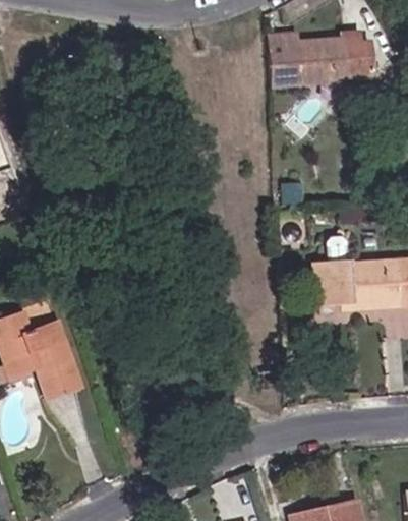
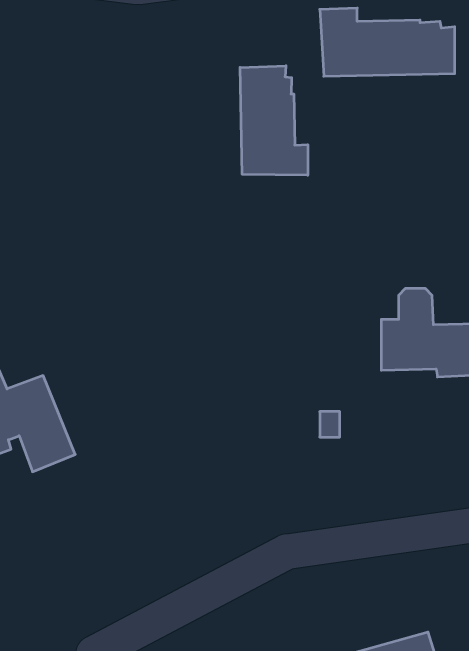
building: none -> [240,66,308,175]

